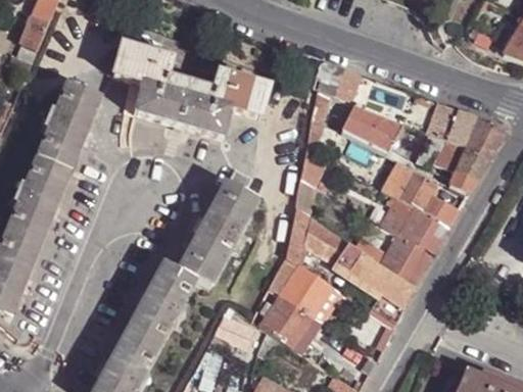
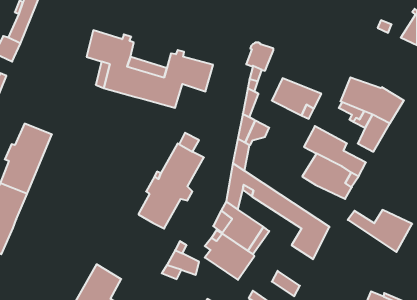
building: [37,85,101,173] -> none
building: [353,235,433,287] -> [348,210,412,252]
building: [126,263,195,351] -> none

